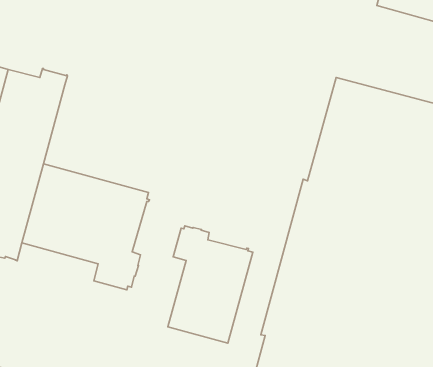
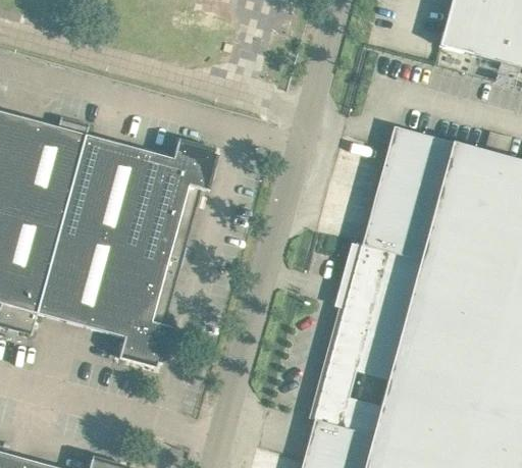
building: none -> [61,135,219,257]
building: [168,226,253,343] -> none

